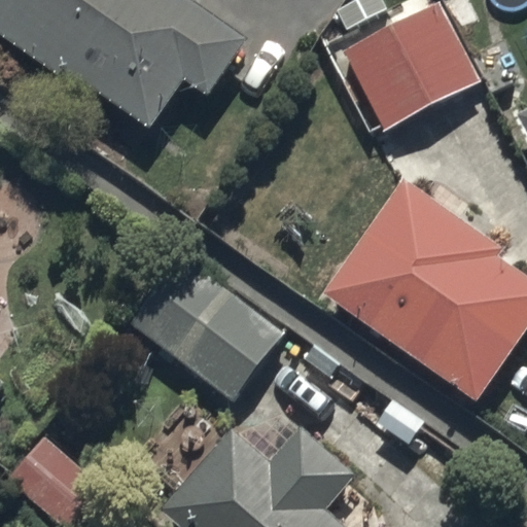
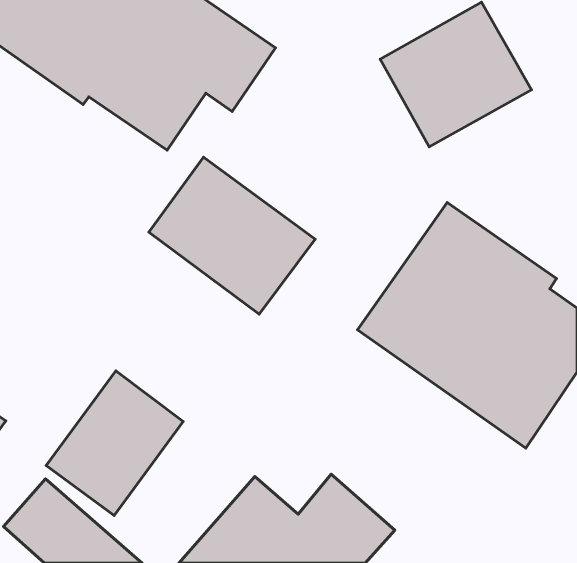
building: [133,259,283,401] -> [149,157,315,314]
building: none -> [46,371,183,515]

